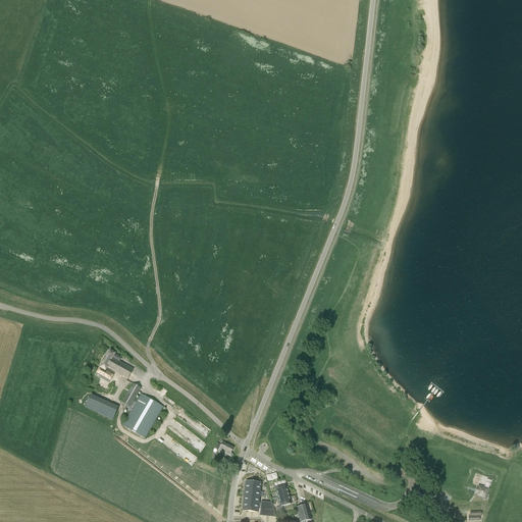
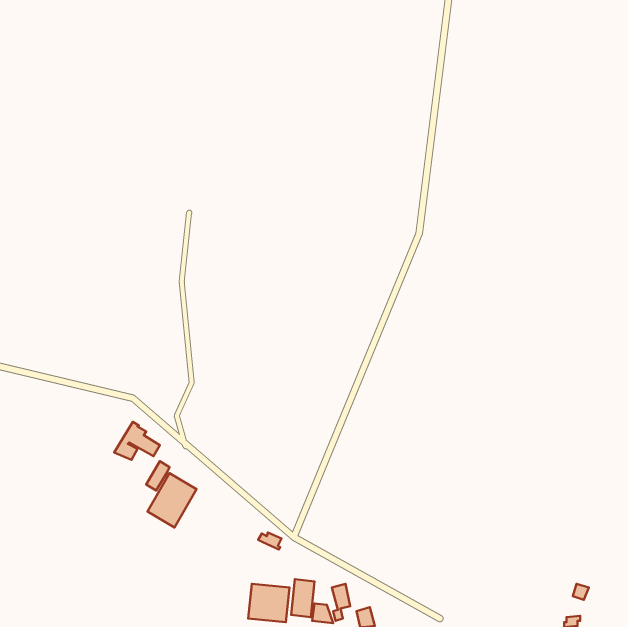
building: [85,394,118,419] -> none
building: none -> [248,584,289,622]

